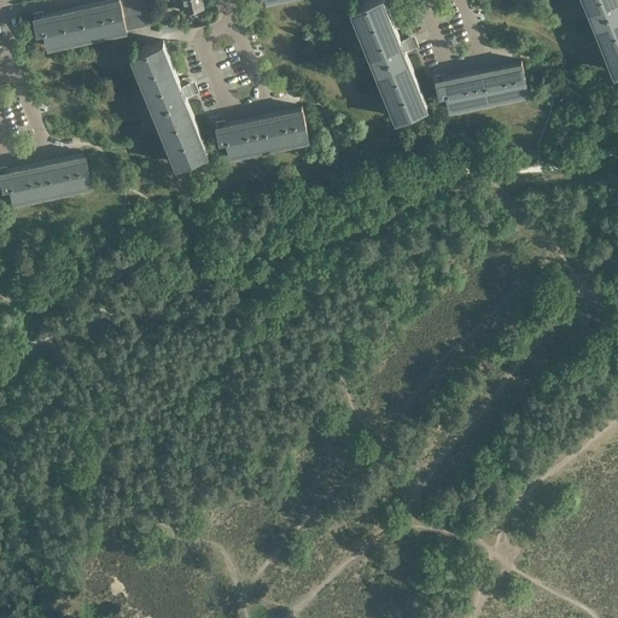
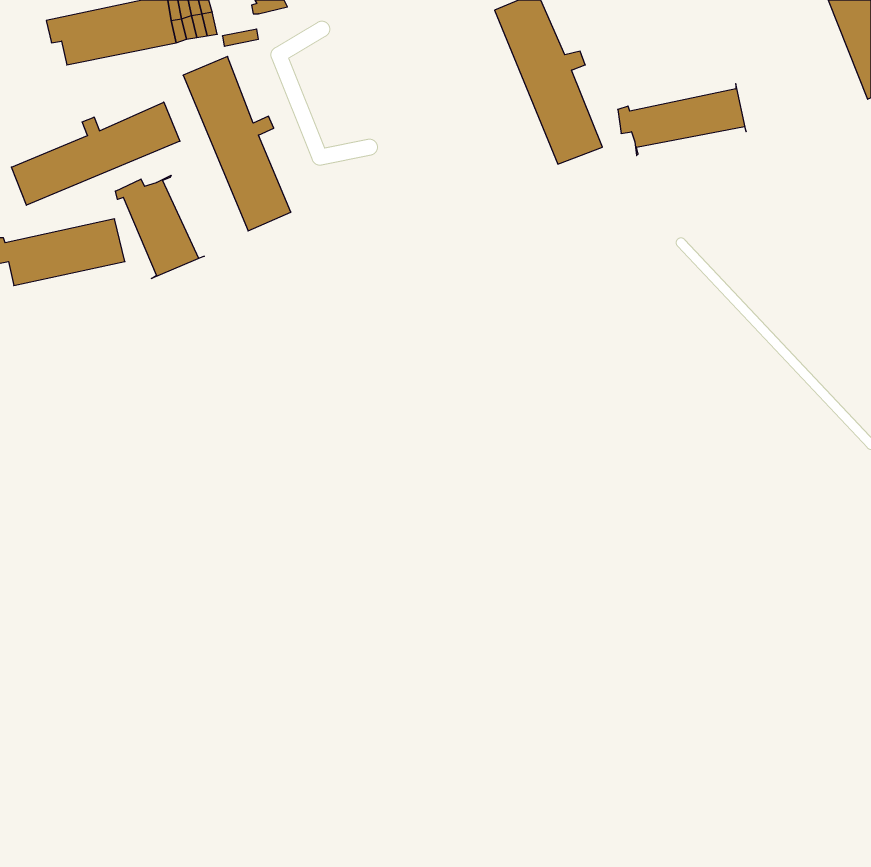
building: none -> [11,102,180,205]
building: [215,113,307,161] -> none
building: none -> [115,175,204,278]

